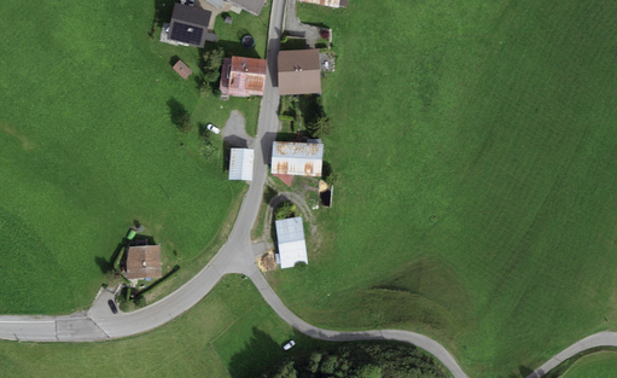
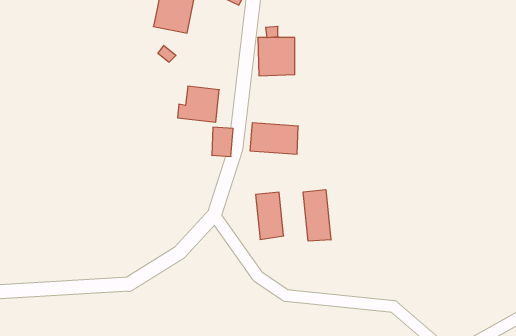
building: [221,56,266,94] -> [178,86,219,122]
building: none -> [303,190,331,241]
building: [127,246,162,279] -> none

